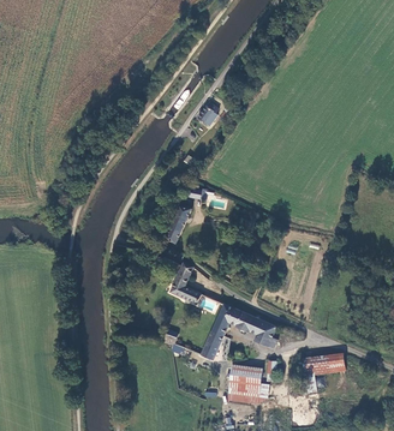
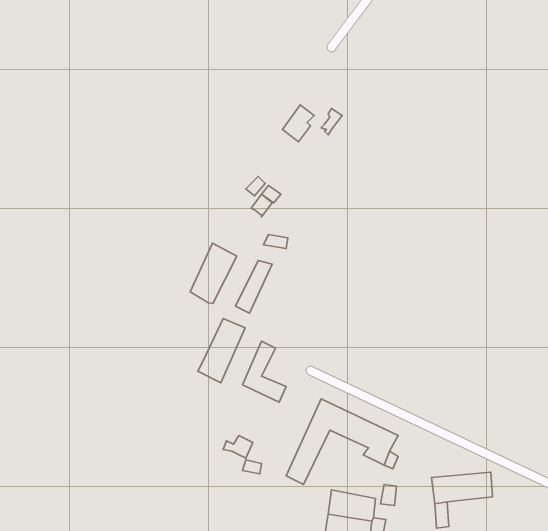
building: none -> [190,243,237,304]
building: none -> [198,318,245,383]

